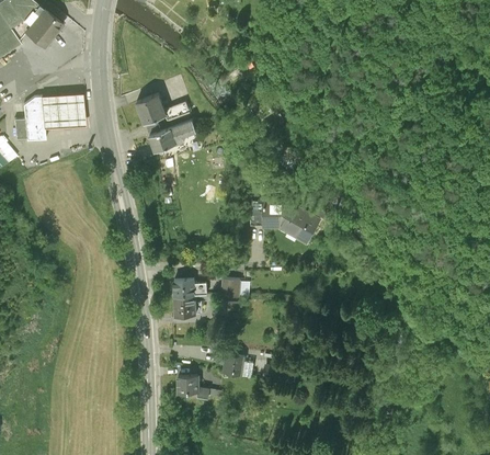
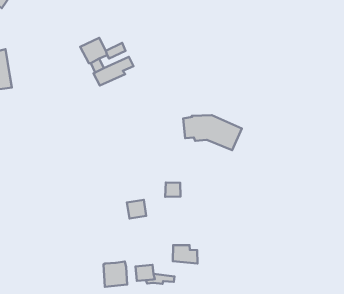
building: [43,94,87,129] -> none
building: [172,277,206,296] -> none
building: none -> [104,262,127,287]

